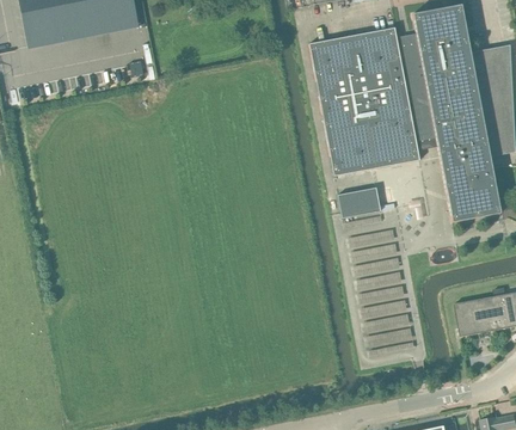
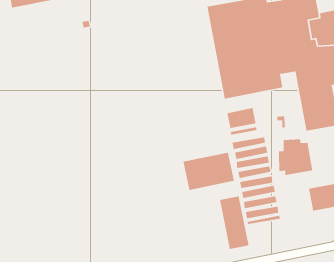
building: none -> [278,138,313,176]
building: none -> [183,152,235,191]
building: none -> [219,195,249,250]

